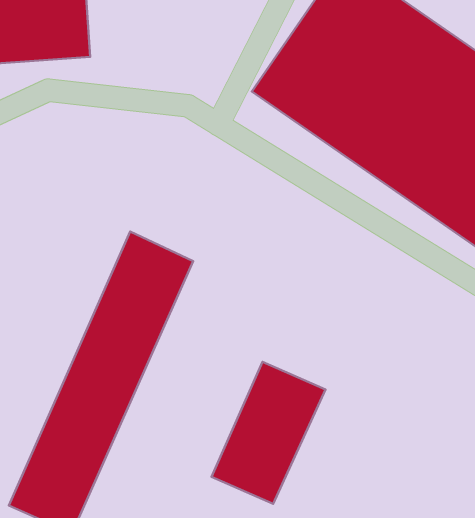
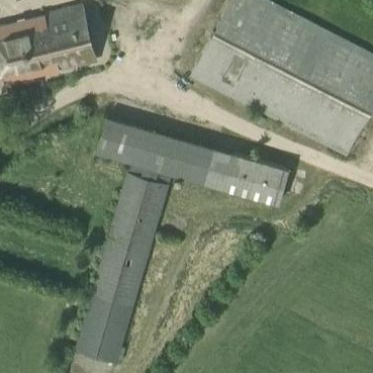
building: none -> [97,115,291,205]
building: [212,362,325,504] -> none

